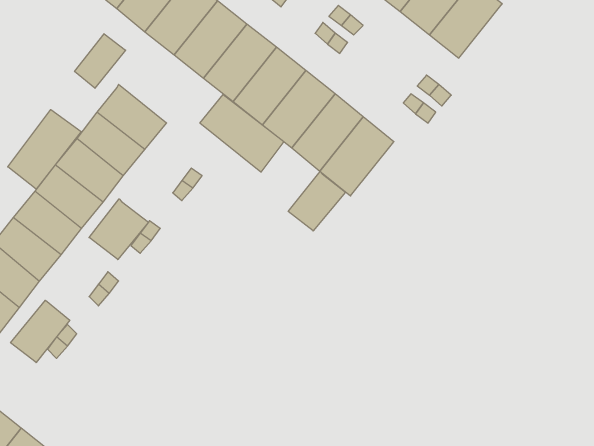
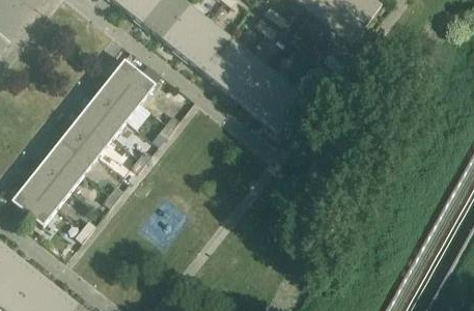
building: [75,34,126,88] -> none
building: [200,94,284,172] -> none
building: [8,110,81,189] -> none
building: [288,172,345,231] -> none
building: [89,199,148,260] -> none
building: [11,300,70,363] -> none

